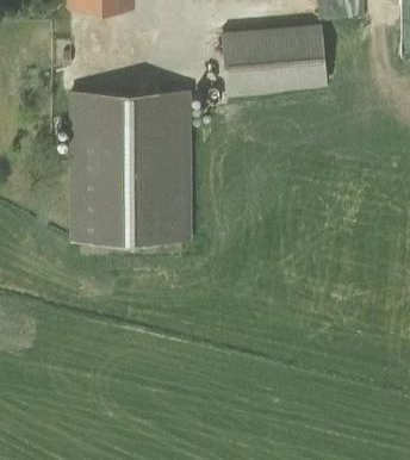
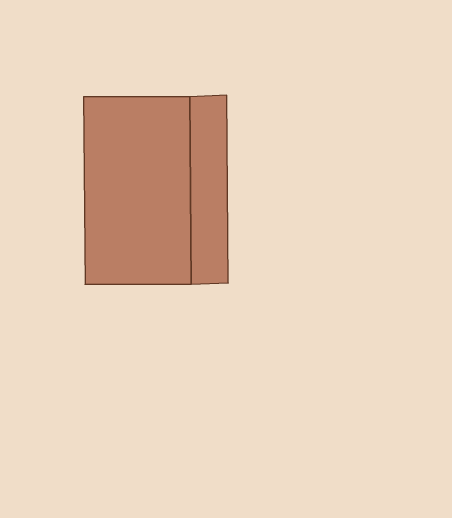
building: [223,26,325,94] -> none

